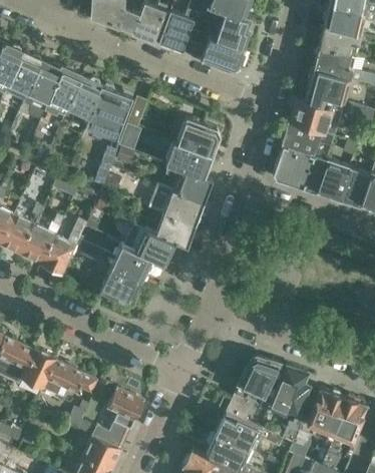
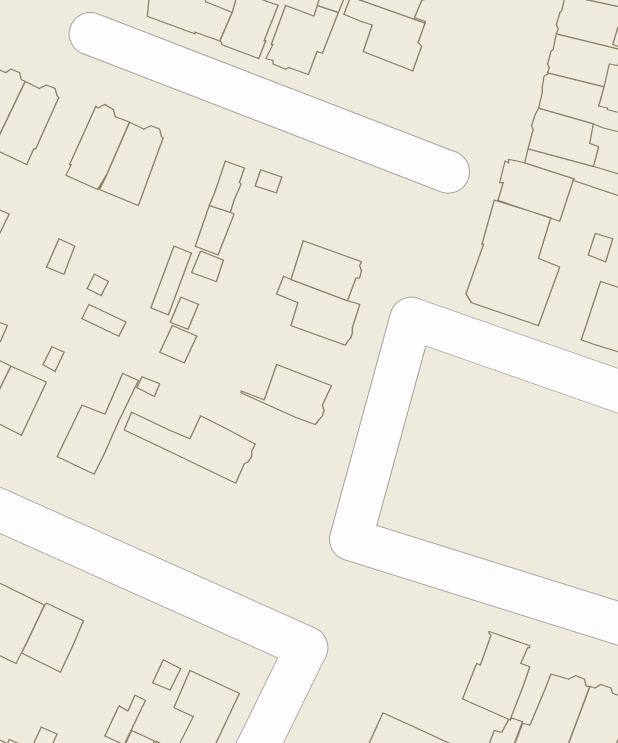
building: [186,36,245,71] -> none
building: [19,63,62,117] -> none
building: [85,85,131,138] -> none
building: [176,118,220,156] -> none
building: [313,159,348,200] -> none
building: [151,186,204,226] -> none
building: [20,214,63,265] -> none
building: [128,224,175,266] -> none
building: [71,251,141,305] -> none
building: [225,358,279,421] -> none
building: [42,360,95,396] -> none

